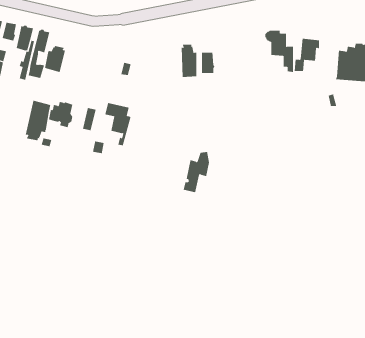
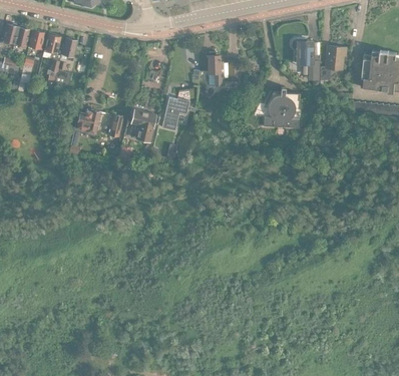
building: [44,45,66,73] -> none
building: none -> [263,88,299,128]
building: [25,100,51,141] -> none
building: [183,152,210,193] -> [161,89,188,130]

